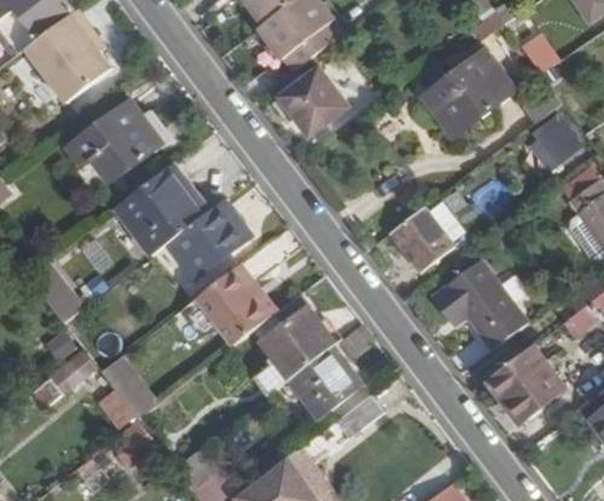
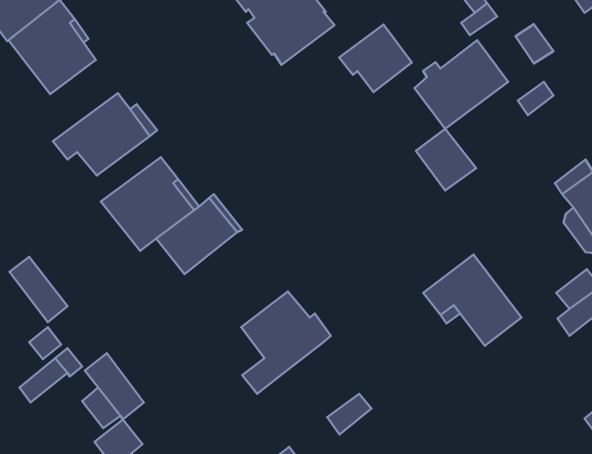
building: [277,68,348,134] -> [339,24,412,92]
building: [525,114,580,168] -> none
building: [394,208,453,269] -> [416,129,476,190]
building: [198,264,278,344] -> none
building: [488,344,565,421] -> none
building: [290,345,361,418] -> none

